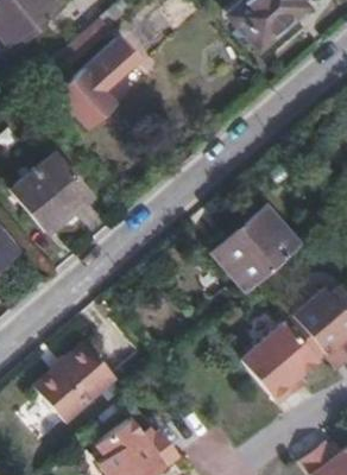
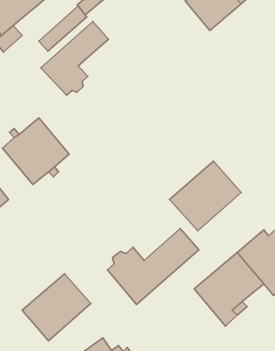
building: none -> [108,228,199,305]

